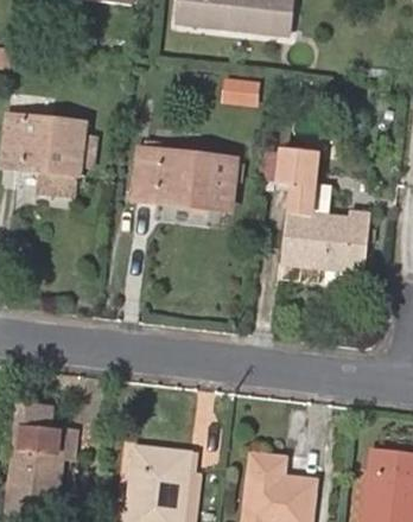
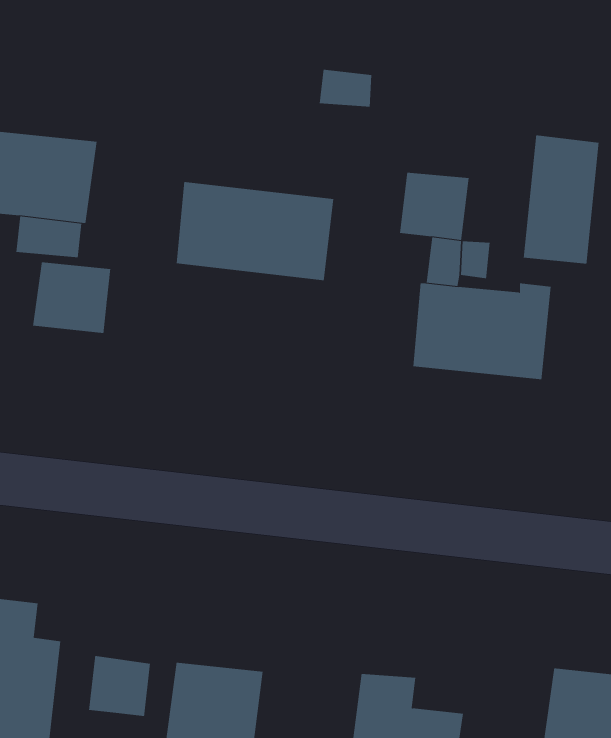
building: none -> [523,134,599,265]
building: none -> [33,261,111,334]
building: none -> [89,655,150,717]

